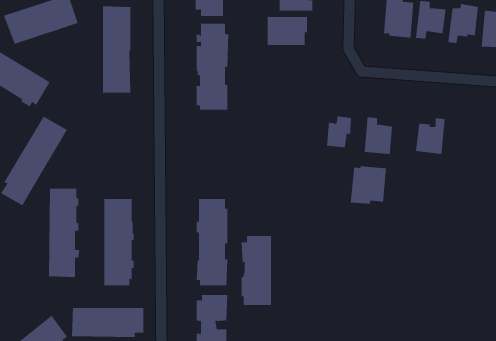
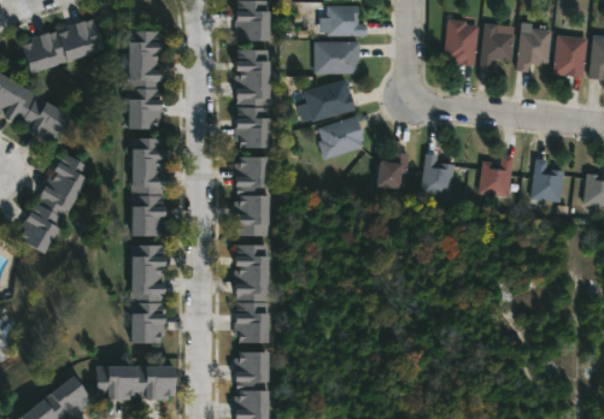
building: none -> [303,77,354,123]
building: none -> [317,116,365,159]
building: none -> [532,158,564,202]
building: [350,165,387,204] -> none
building: [48,188,80,278] -> [130,137,166,237]
building: [241,235,272,305] -> [234,155,269,234]

